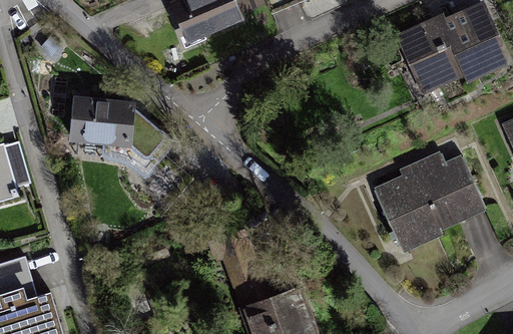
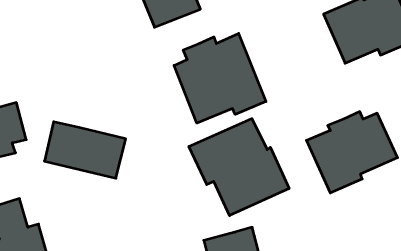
building: none -> [174,33,266,123]
building: [63,96,162,165] -> [44,122,126,178]
building: none -> [189,119,289,216]

